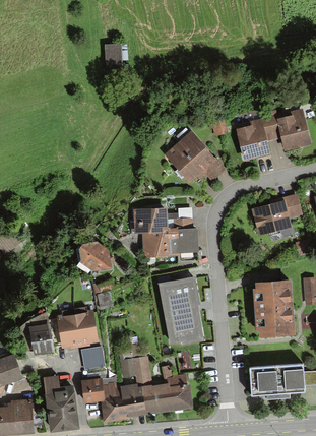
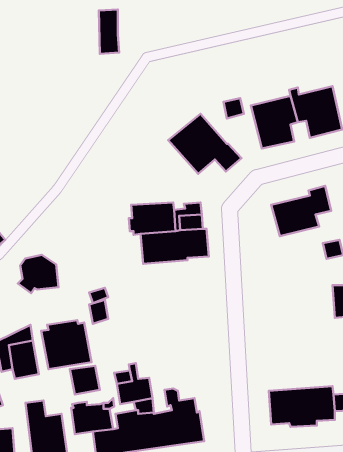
building: [76,242,111,274] -> [18,255,59,293]
building: [157,276,204,347] -> none
building: [252,279,295,337] -> none

